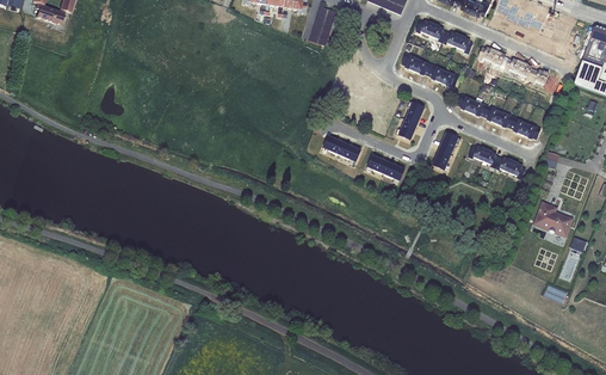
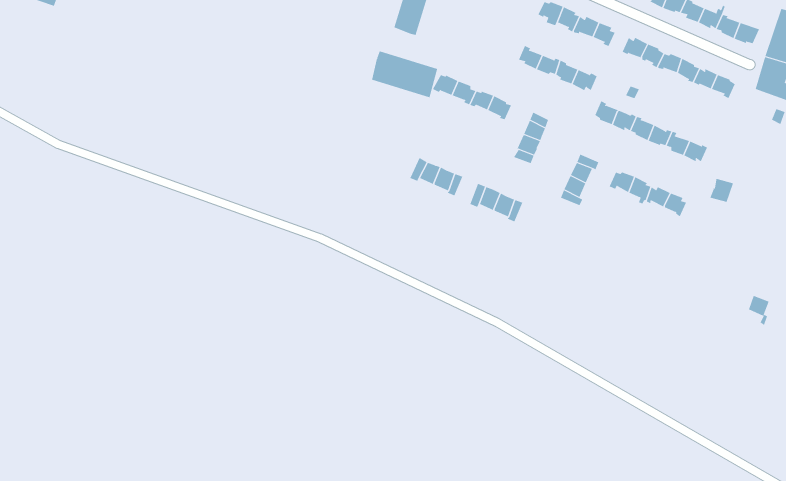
building: none -> [372,50,438,98]
building: [532,201,574,238] -> none

